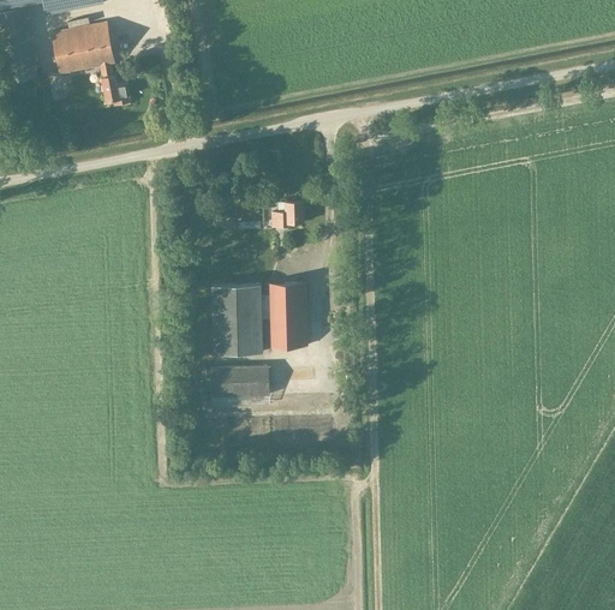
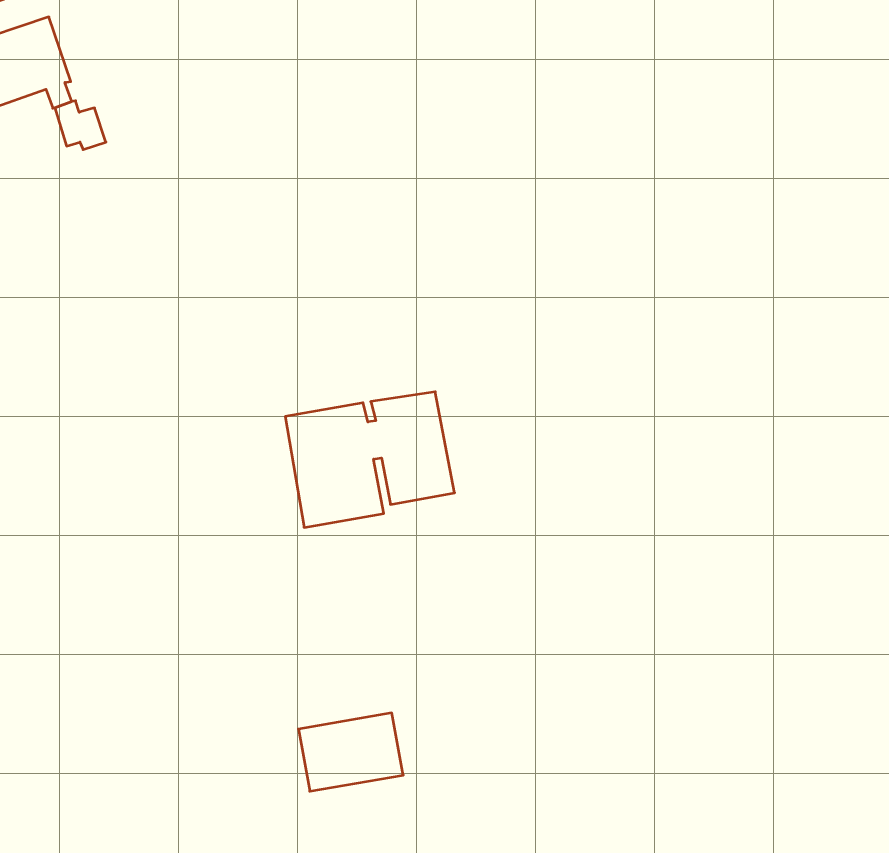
building: [270,201,303,226] -> none
building: [209,365,268,405] -> [298,713,403,791]

